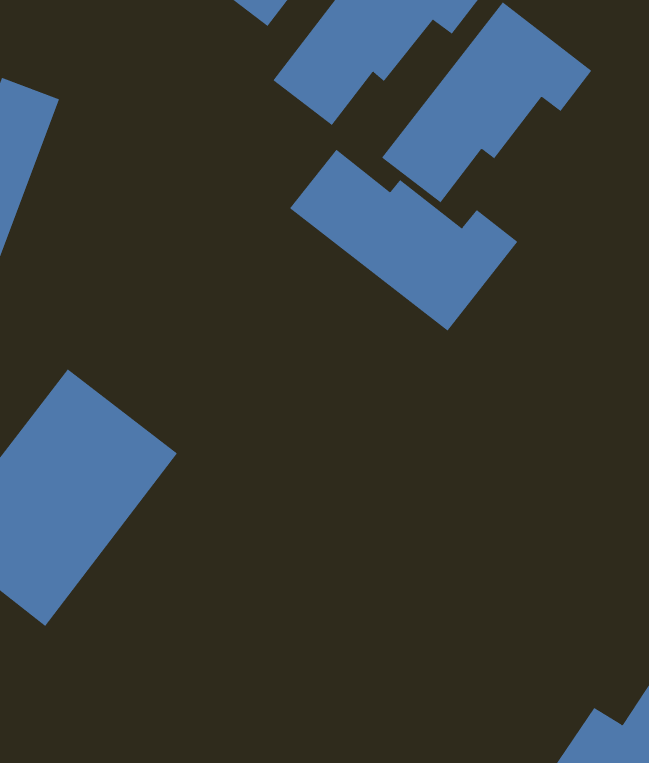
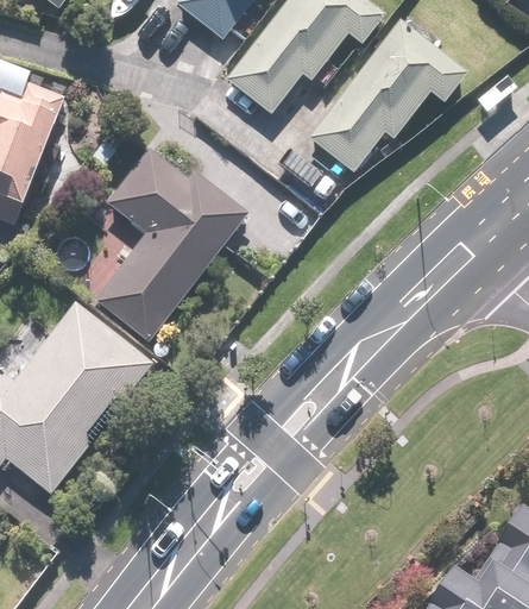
building: [289,149,518,332] -> none
building: none -> [92,146,246,340]

